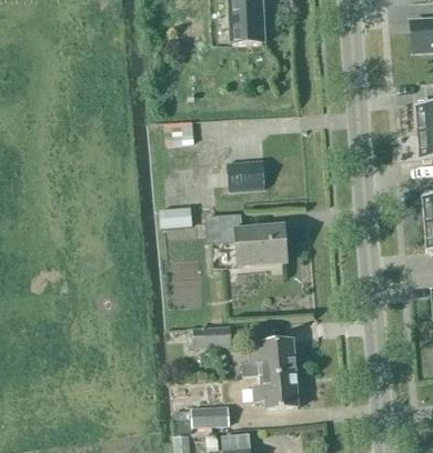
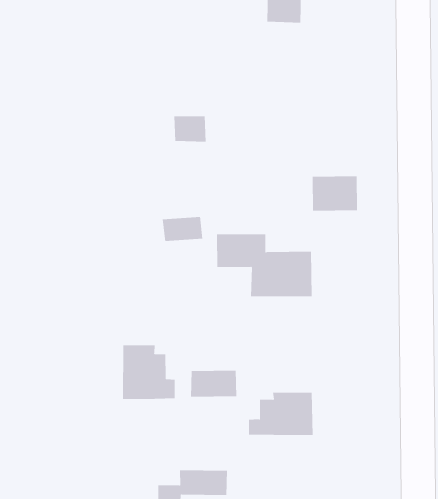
building: [226,162,265,193] -> [312,176,358,211]
building: none -> [123,344,175,400]
building: [253,372,298,409] -> none

